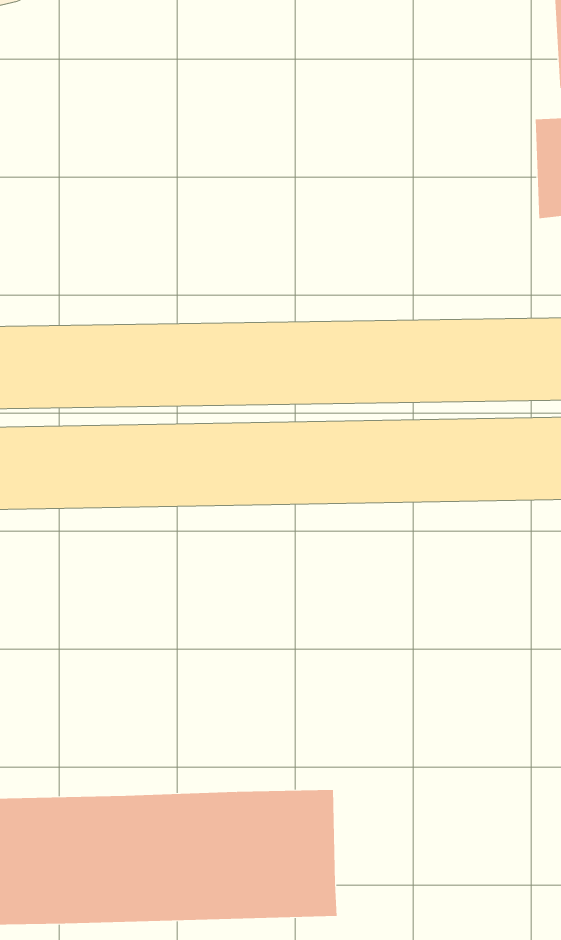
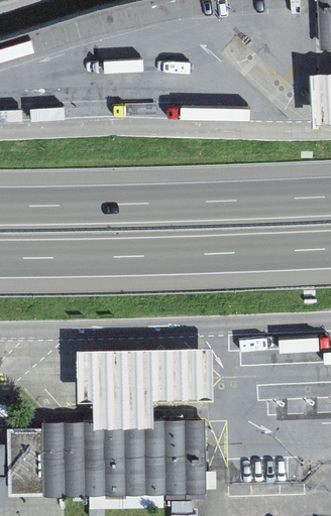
building: none -> [77,349,212,428]

